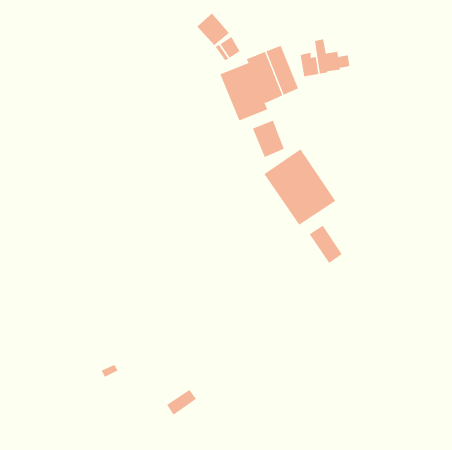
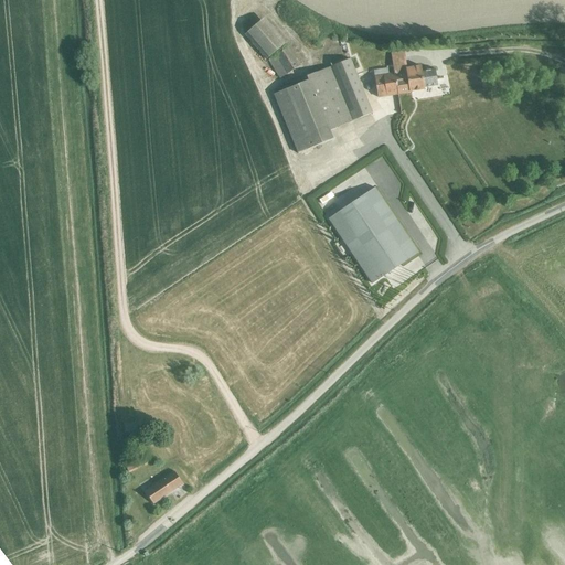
building: [252,120,285,158] -> none
building: [309,225,343,264] -> none
building: [166,389,197,416] -> [145,469,183,502]

